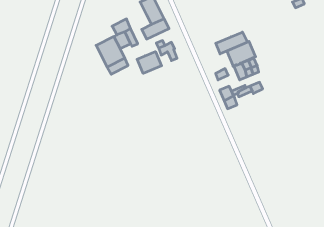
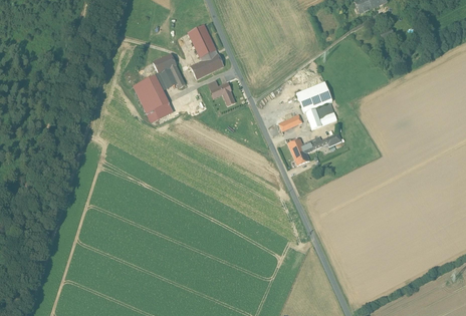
building: [216,32,247,54] -> none
building: [137,52,162,73] -> none

